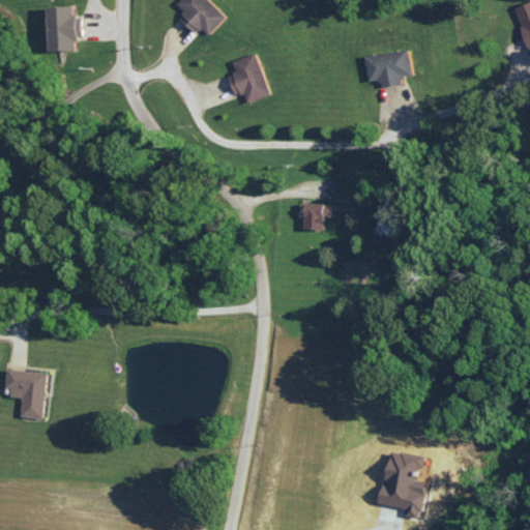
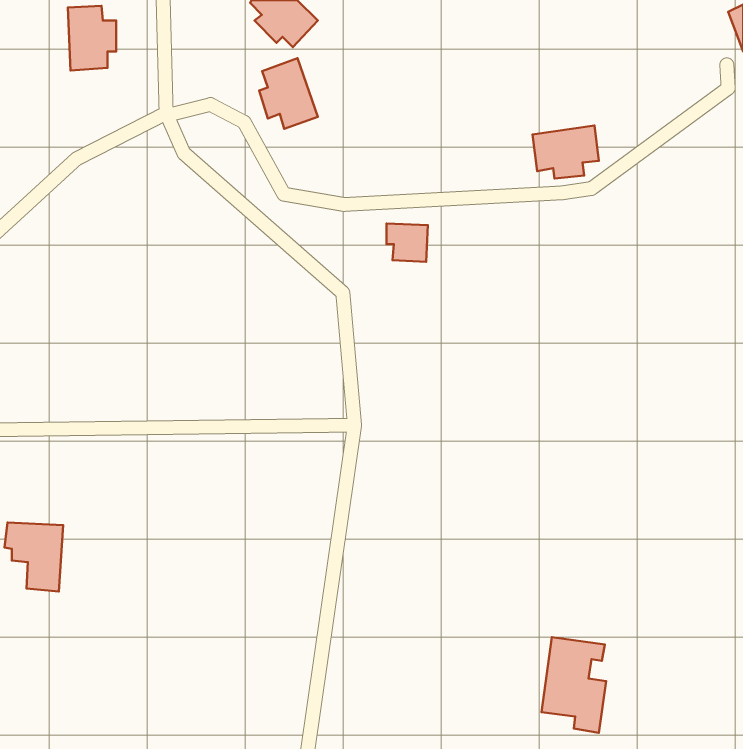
building: [364,50,411,87] -> [533,126,599,179]
building: [228,53,269,102] -> [259,58,318,129]
building: [297,203,326,230] -> [387,224,428,262]

